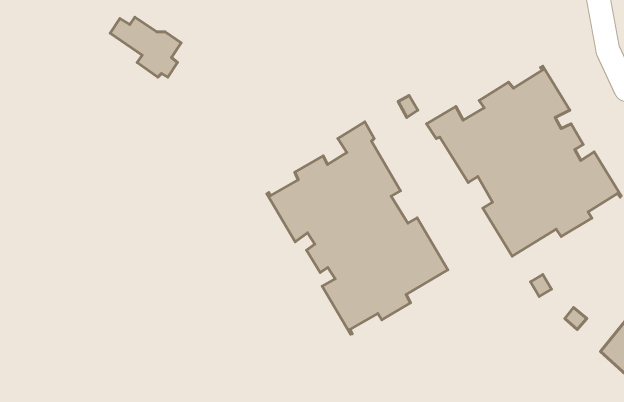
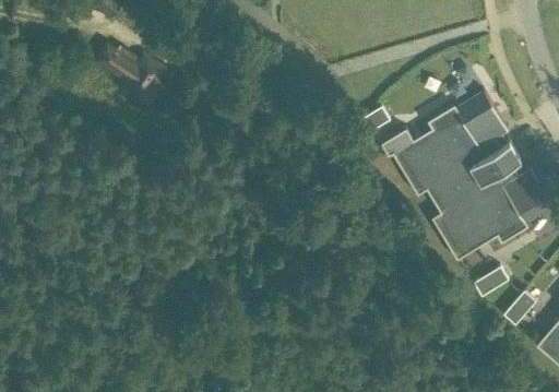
building: [267,122,448,334] -> none

